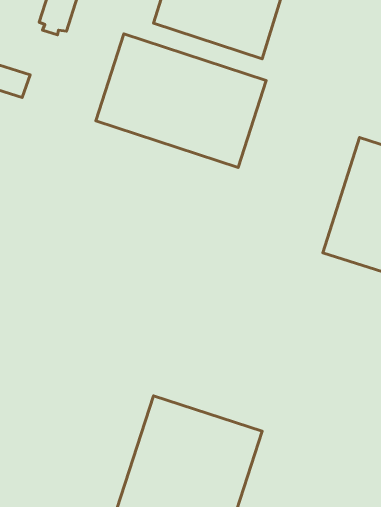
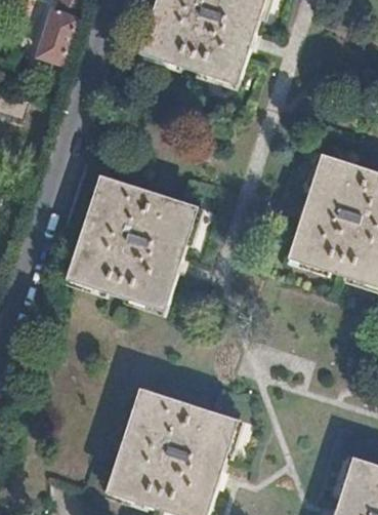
building: [96,34,266,168] -> none
building: none -> [66,177,197,311]

